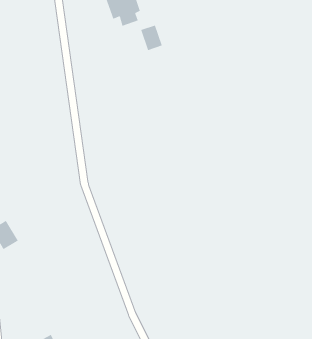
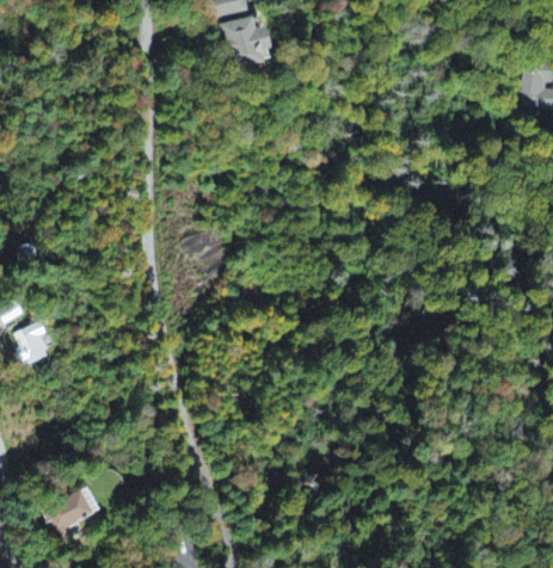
building: [140,24,163,51] -> none

